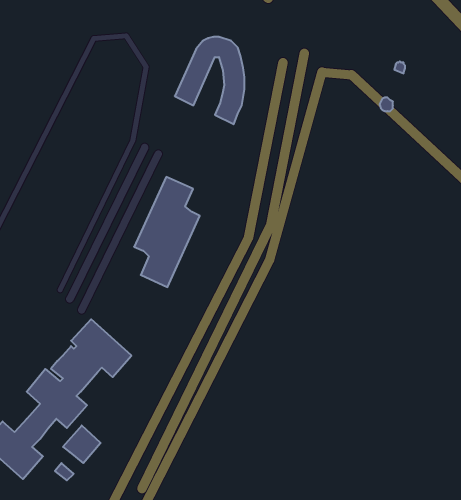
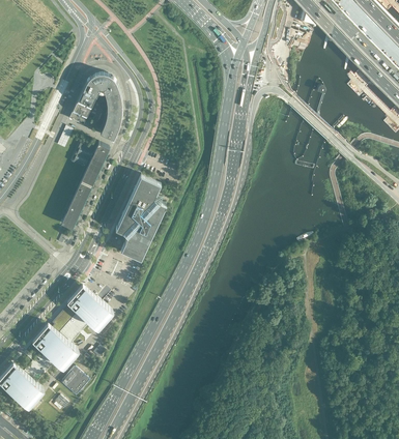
building: [175,37,244,124] -> [68,74,122,141]
building: none -> [60,143,109,229]

